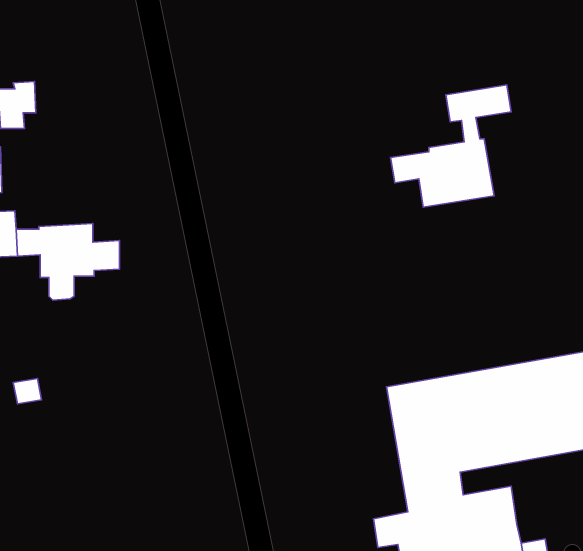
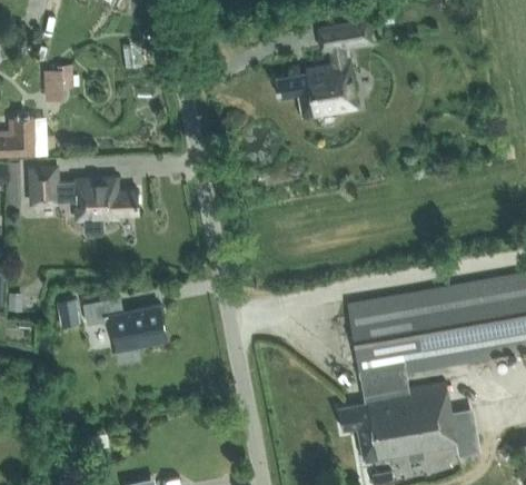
building: [391,85,511,207] -> [277,21,371,117]
building: none -> [83,297,166,364]

